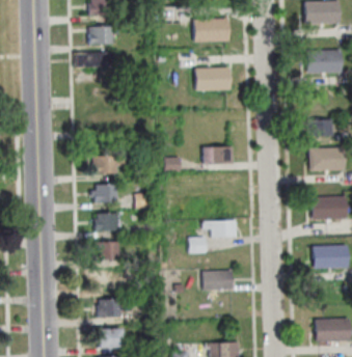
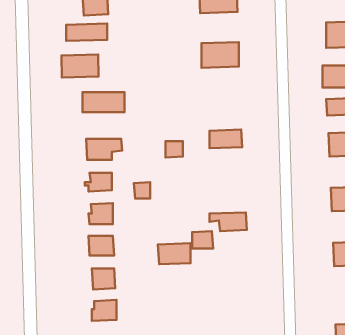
building: none -> [62,55,99,78]
building: [205,270,234,289] -> [158,243,191,264]

